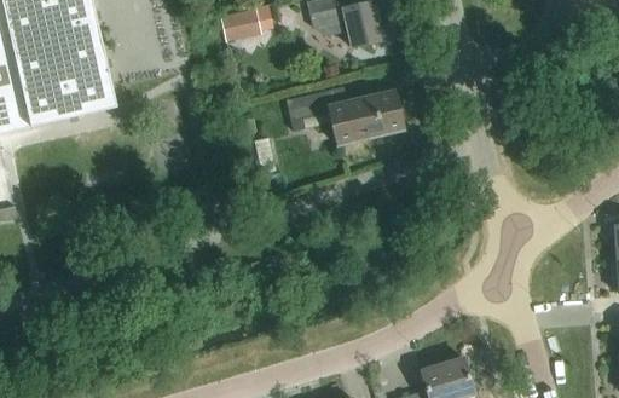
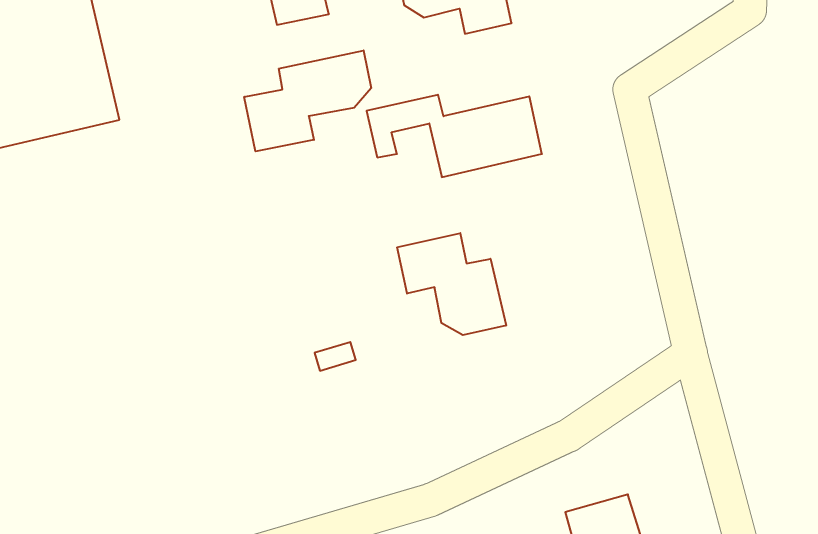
building: none -> [244,50,371,151]
building: none -> [397,233,506,335]

